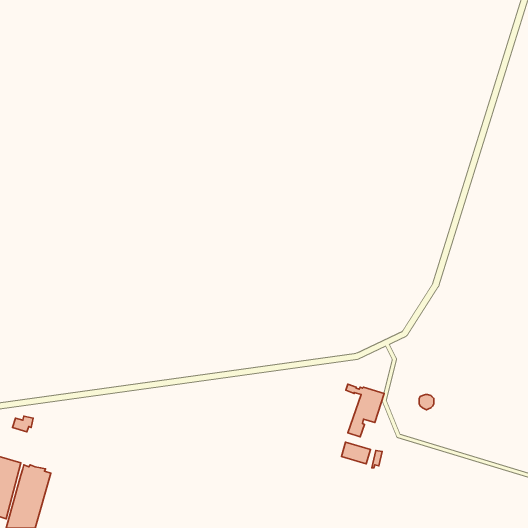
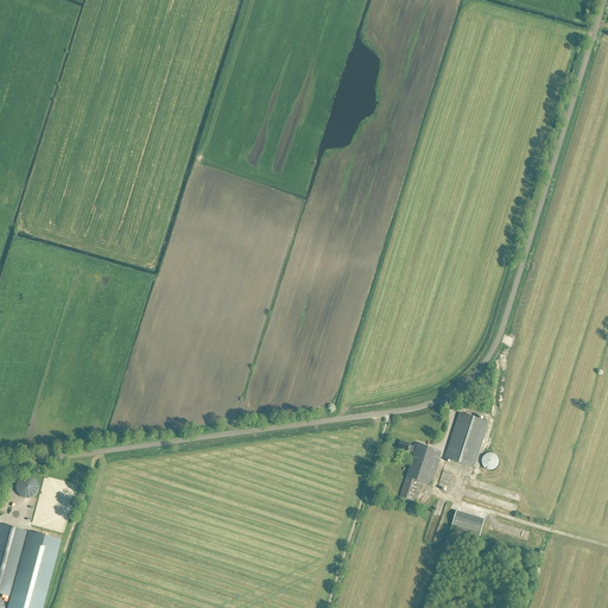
building: none -> [443,412,487,468]
building: [341,442,370,464] -> [450,511,483,536]

